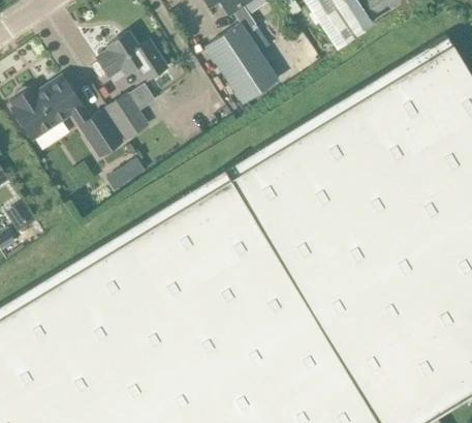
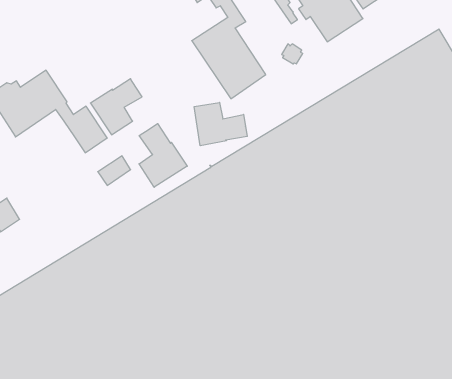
building: [97,33,168,81] -> none
building: none -> [194,102,247,146]
building: none -> [139,124,187,187]

